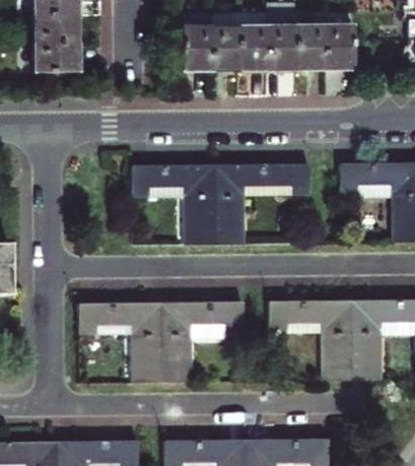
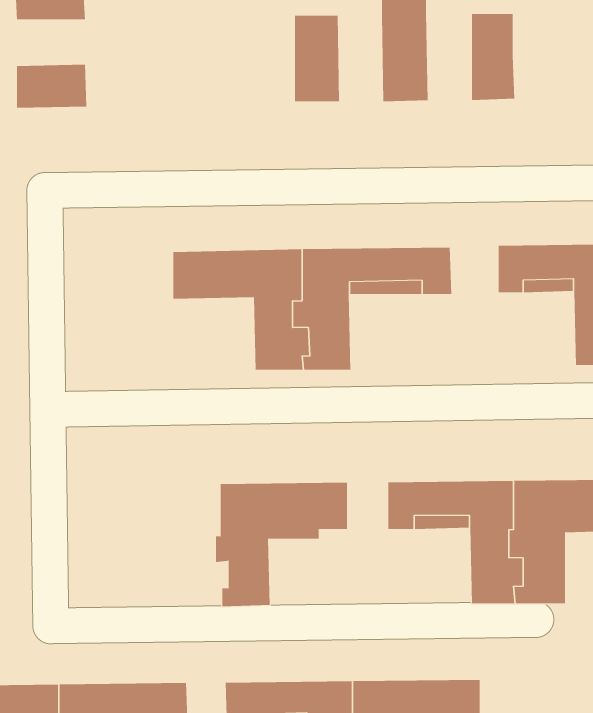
building: [295,11,324,67] -> none
building: [238,12,267,68] -> none
building: [31,15,76,45] -> none
building: [183,27,210,69] -> none
building: [81,314,167,393] -> none

